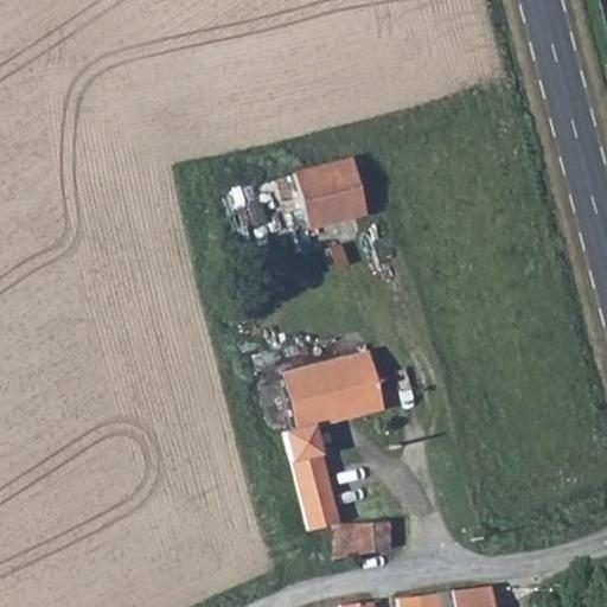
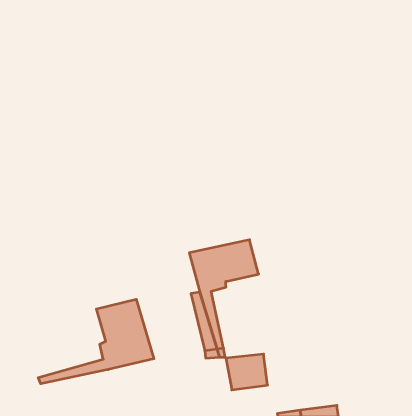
building: [300,166,366,230] -> none
building: none -> [38,299,154,384]

